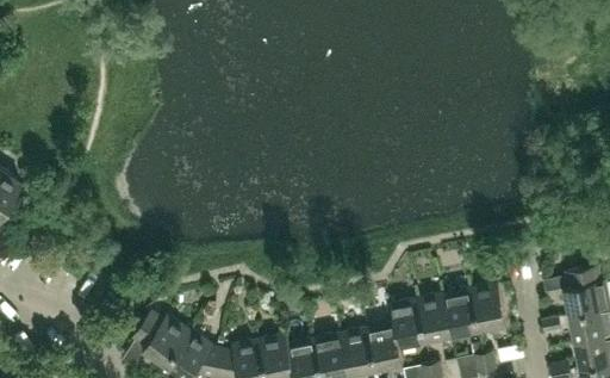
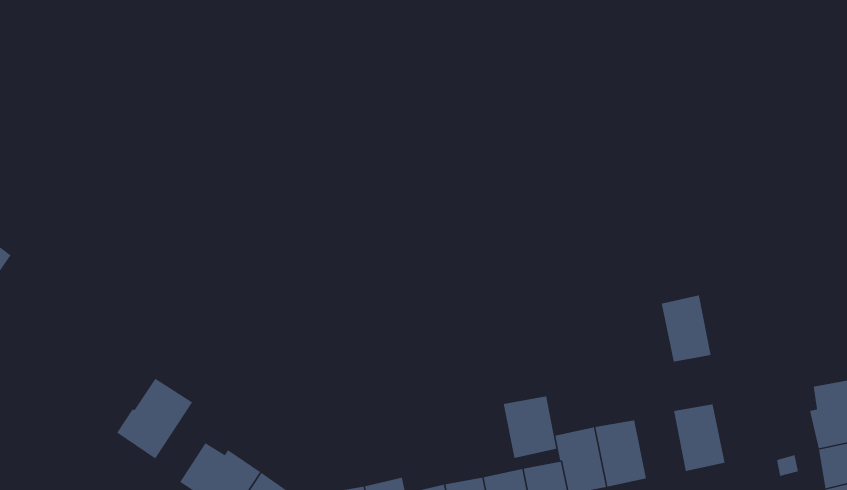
building: none -> [116,378,193,460]
building: none -> [503,395,557,459]
building: [444,291,479,337] -> [661,295,712,363]

